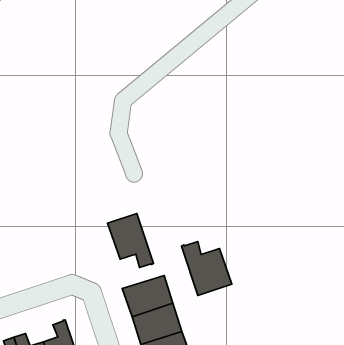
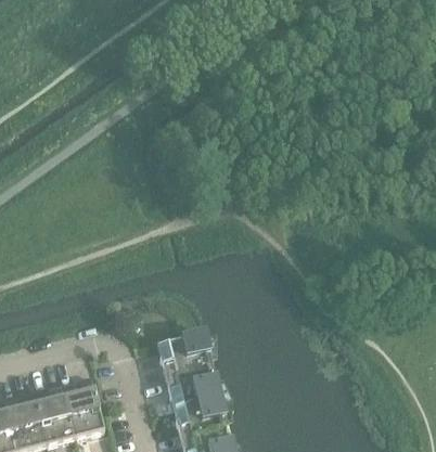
building: [108,213,153,267] -> none
building: [182,241,232,296] -> none

